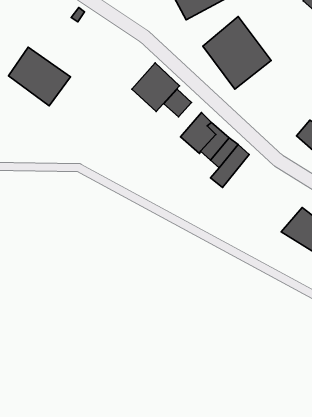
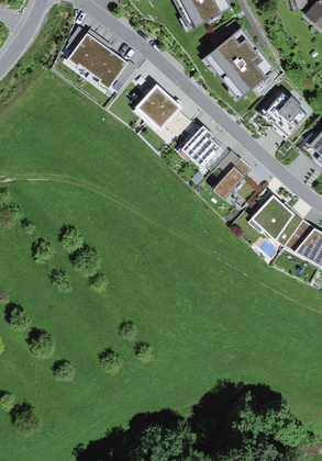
building: [8,47,70,106] -> [66,34,127,92]
building: none -> [266,91,309,136]
building: none -> [254,195,306,245]

